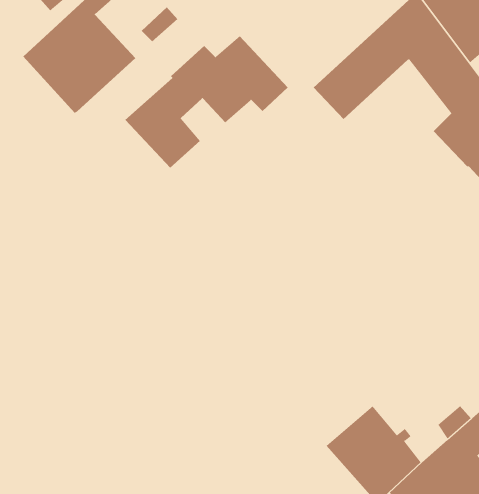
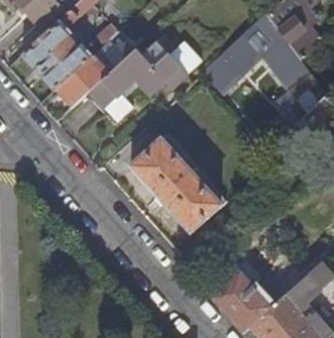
building: none -> [55,48,114,105]
building: none -> [130,133,225,230]

